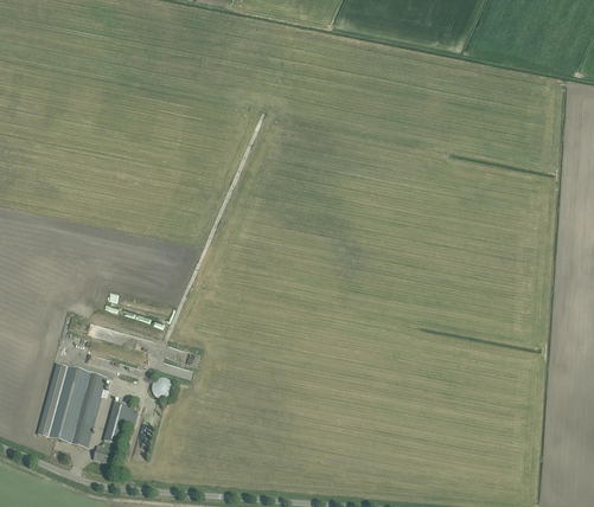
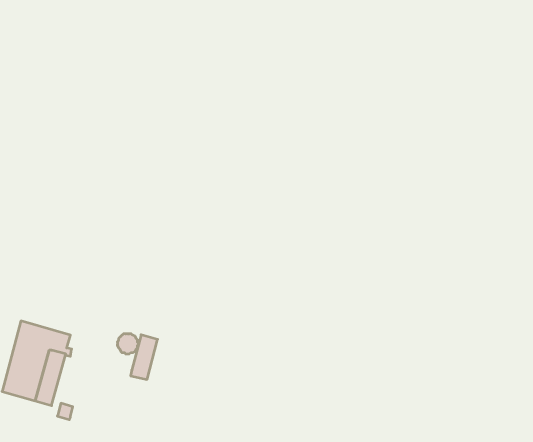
building: [103,399,130,444] -> [131,335,158,379]

